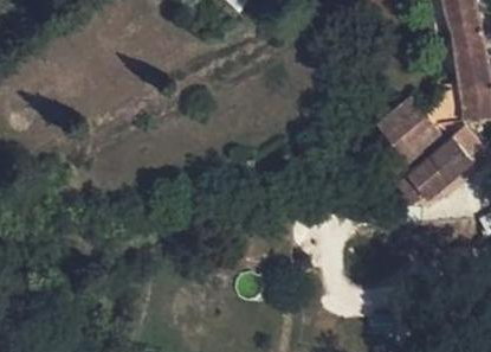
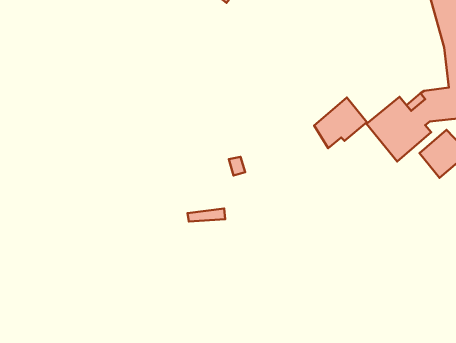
building: [398,155,451,206] -> [314,97,367,148]

